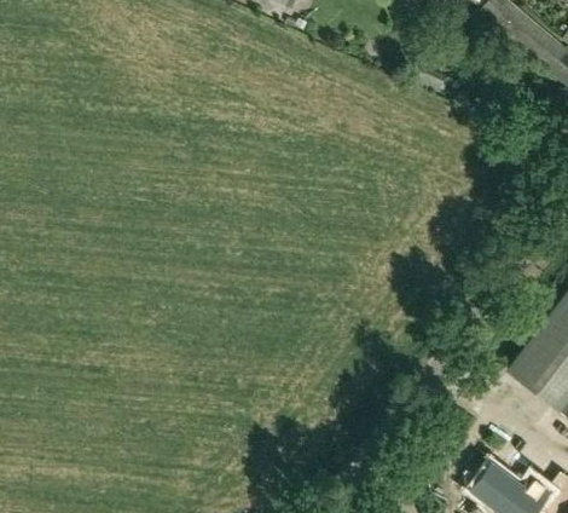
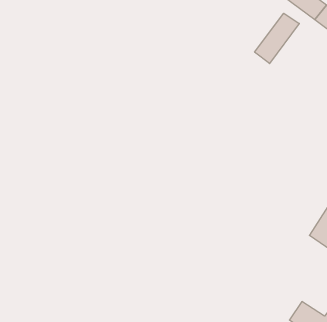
building: none -> [255,13,299,64]

